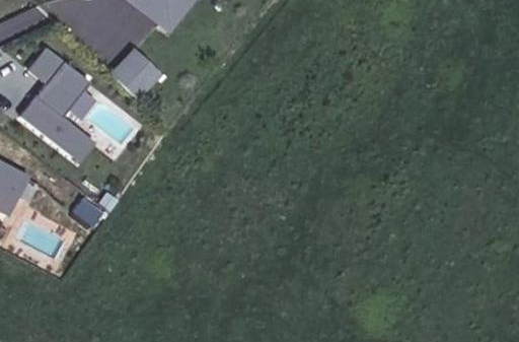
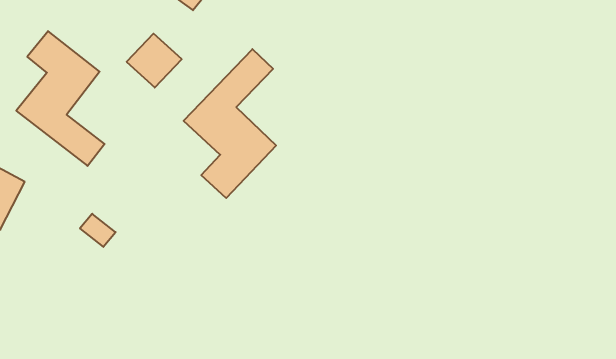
building: none -> [184,49,276,198]

